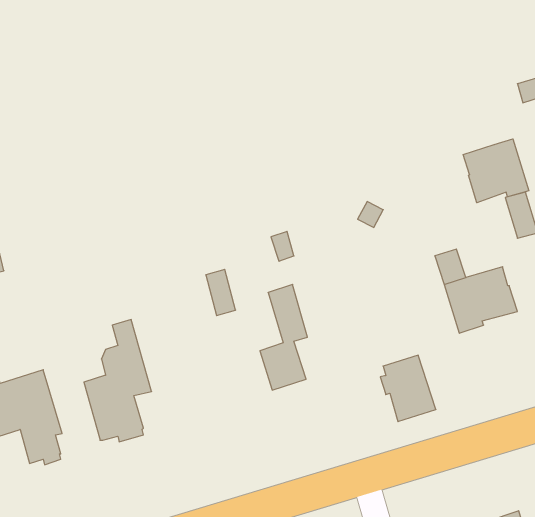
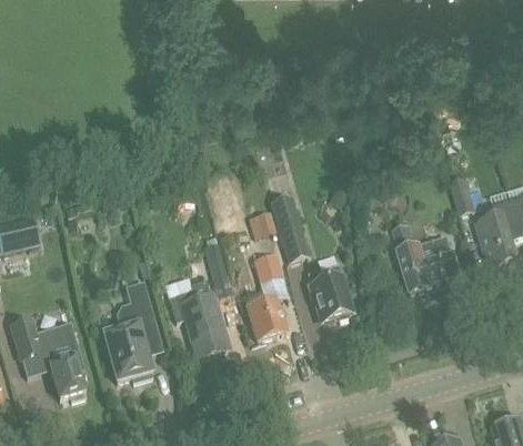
building: [463,139,529,203] -> none
building: none -> [271,195,310,260]
building: none -> [168,278,229,356]
building: [380,355,436,422] -> [306,265,352,320]

